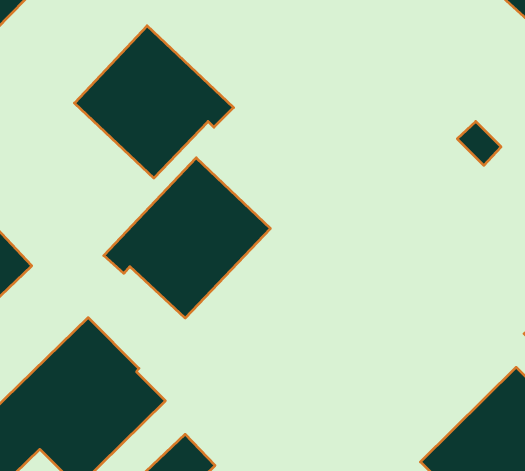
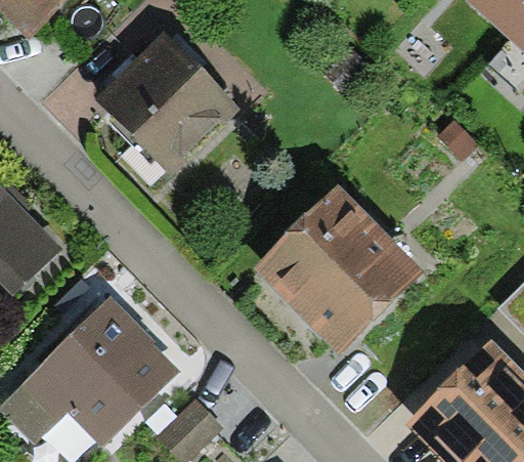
building: [104,158,270,318] -> none
building: none -> [253,183,424,353]

